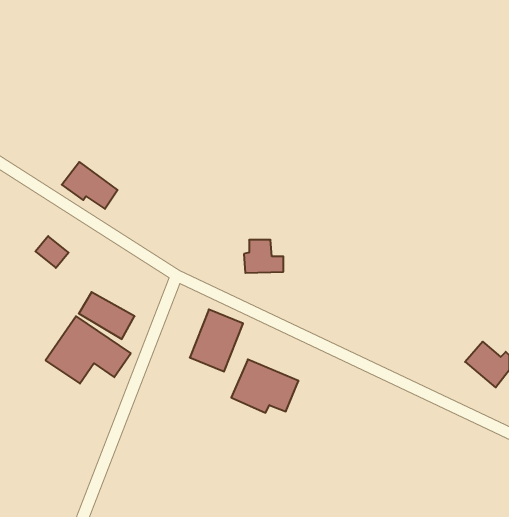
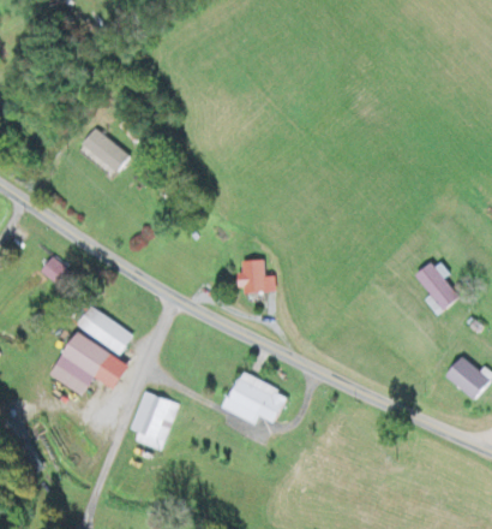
building: [62,162,118,209] -> [76,127,128,172]
building: none -> [414,260,460,315]
building: [190,309,243,372] -> [127,391,178,450]

